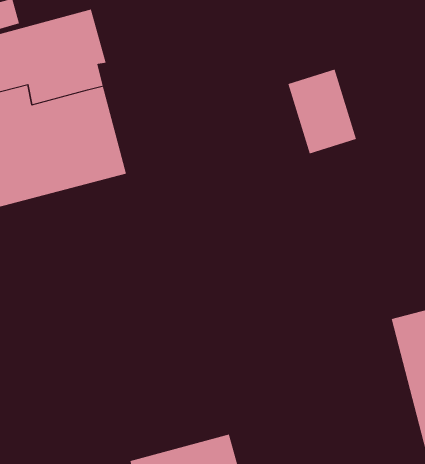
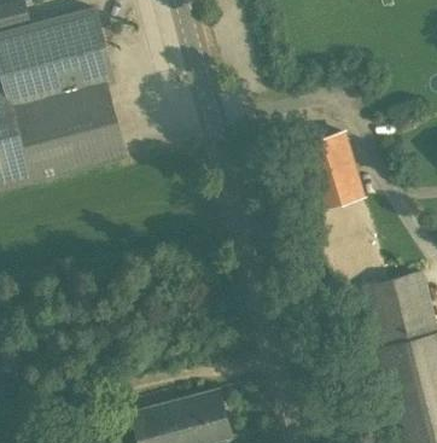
building: [288,69,357,154] -> [302,133,363,209]

